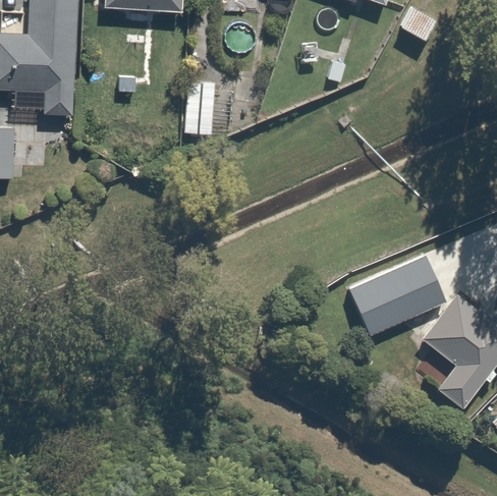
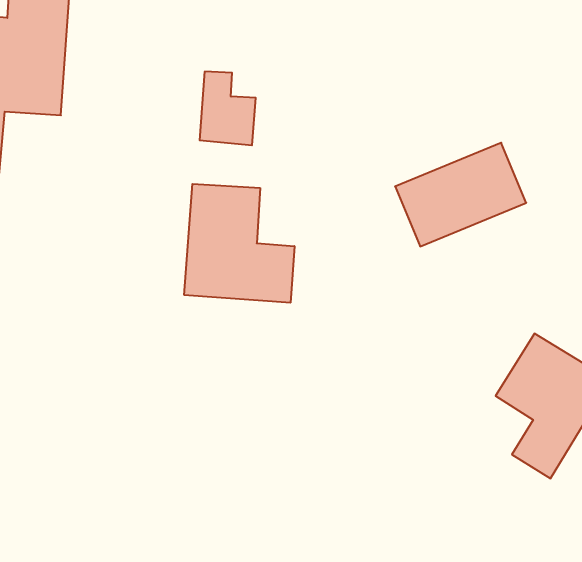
building: none -> [184,184,294,303]
building: [344,249,451,333] -> [395,143,526,246]

